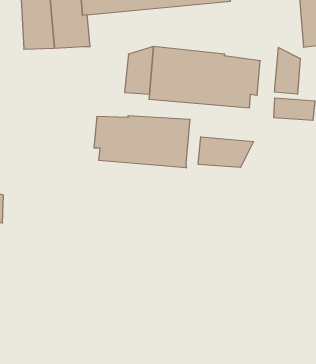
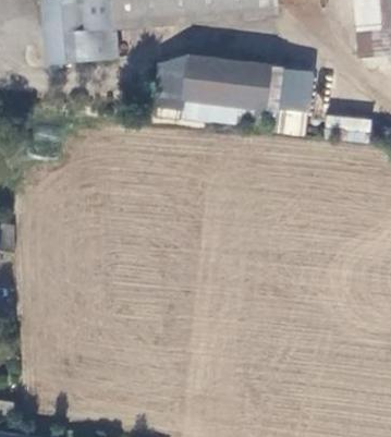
building: [275,47,300,94] -> none
building: [94,116,190,168] -> none
building: [198,137,254,167] -> none

